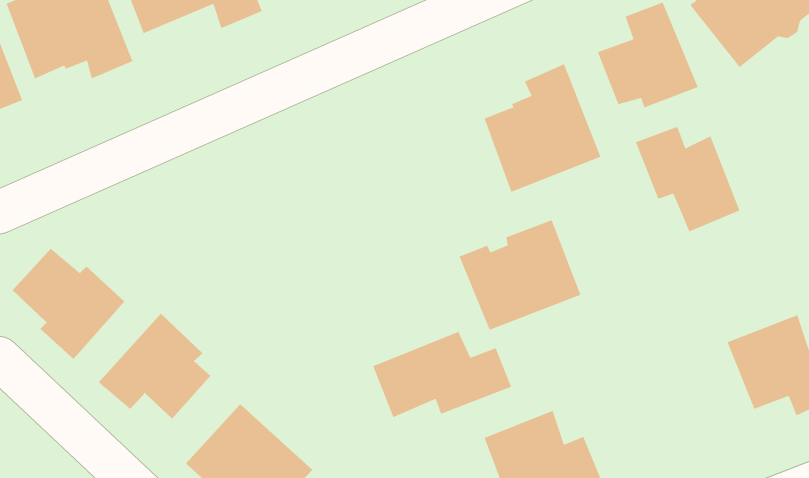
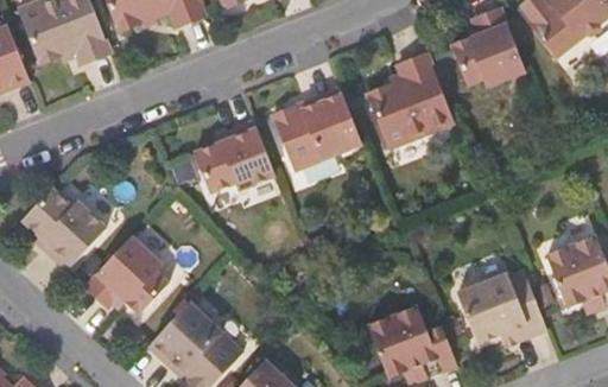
building: [635,126,741,232] -> none
building: none -> [195,121,274,194]
building: [458,219,581,331] -> [271,88,361,170]
building: [372,331,512,418] -> none
building: none -> [456,271,545,343]

